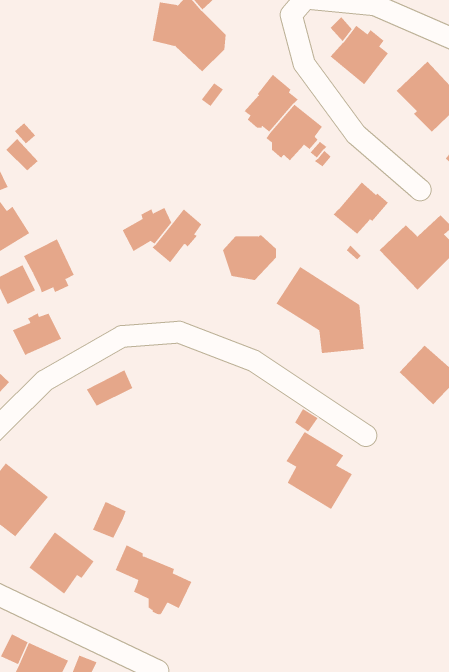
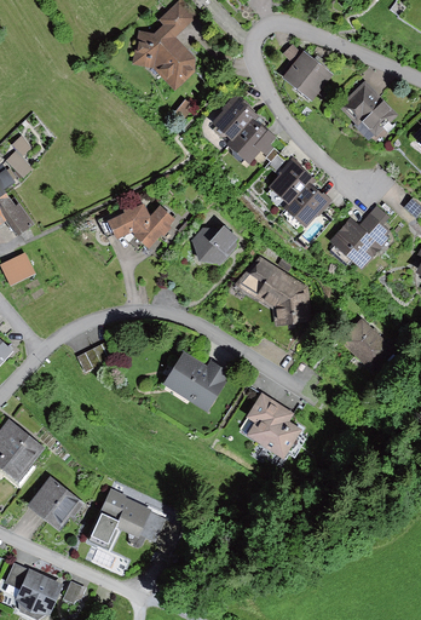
building: none -> [269,155,313,205]
building: [23,238,75,293] -> none
building: [12,312,62,356] -> none
building: none -> [163,350,232,413]
building: [92,501,127,538] -> [91,513,120,545]

